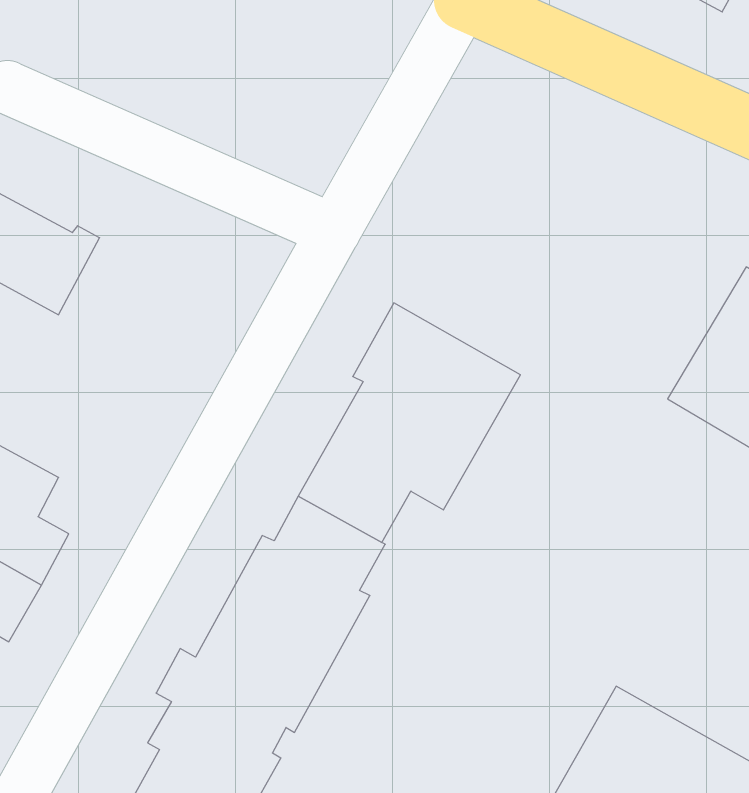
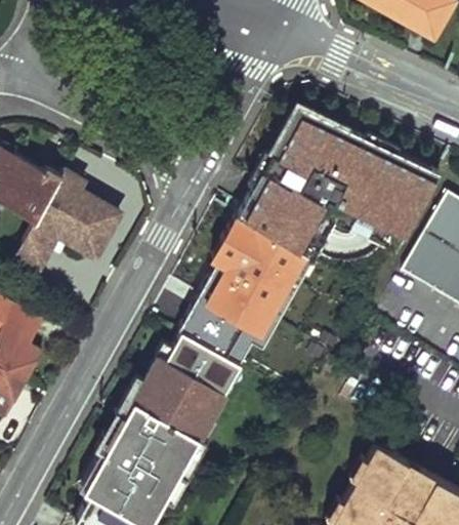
building: none -> [238,106,437,257]
building: none -> [18,174,120,273]

